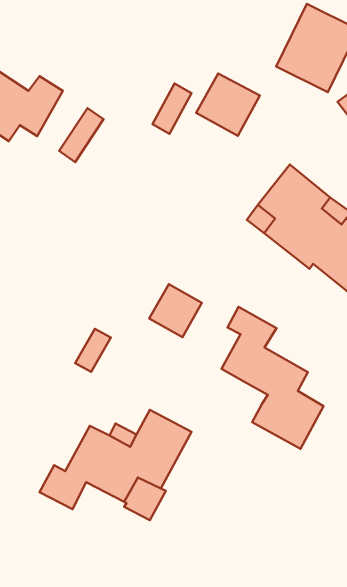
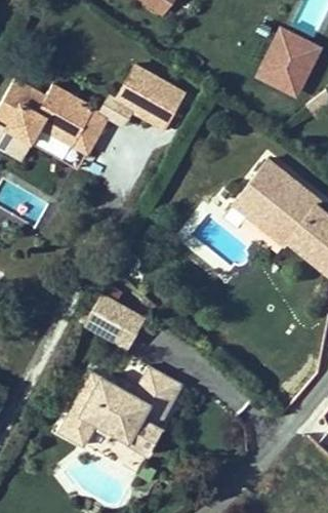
building: [196,73,260,136] -> [115,72,168,124]
building: none -> [53,96,95,147]
building: [149,284,202,337] -> [98,303,142,347]
building: [222,307,324,449] -> none

